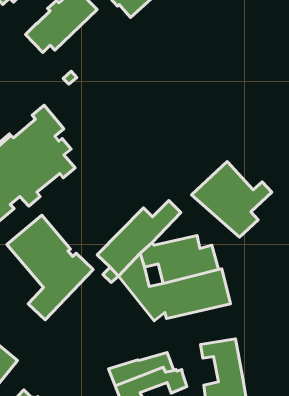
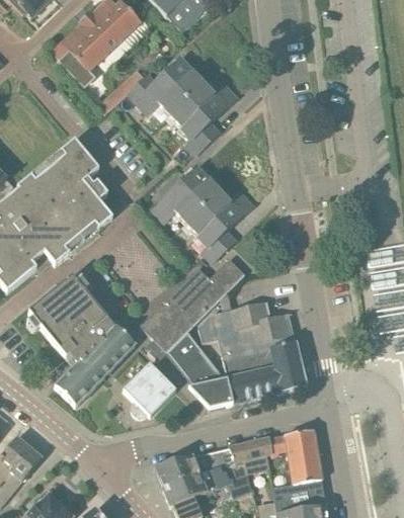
building: none -> [127,59,236,153]
building: [191,161,272,237] -> [153,167,253,261]
building: none -> [125,358,175,416]
building: none -> [228,436,272,472]

